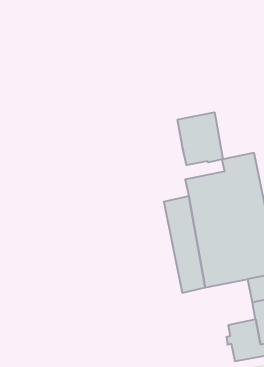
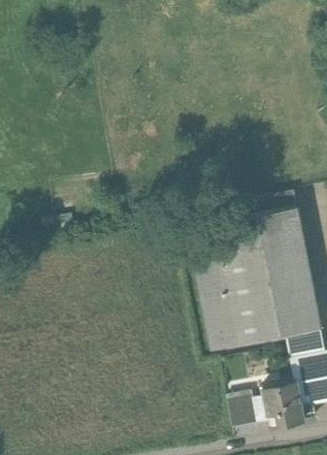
building: [178,112,223,165] -> none
building: none -> [228,393,259,427]

